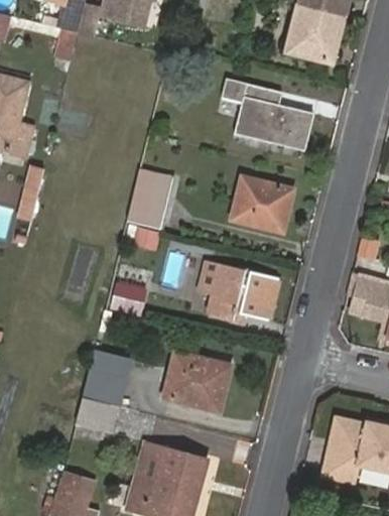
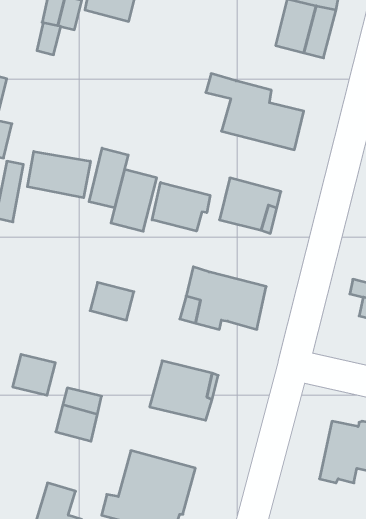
building: none -> [89,148,128,208]
building: none -> [27,151,90,198]
building: none -> [152,182,210,231]
building: [86,350,127,389] -> [13,354,55,395]

